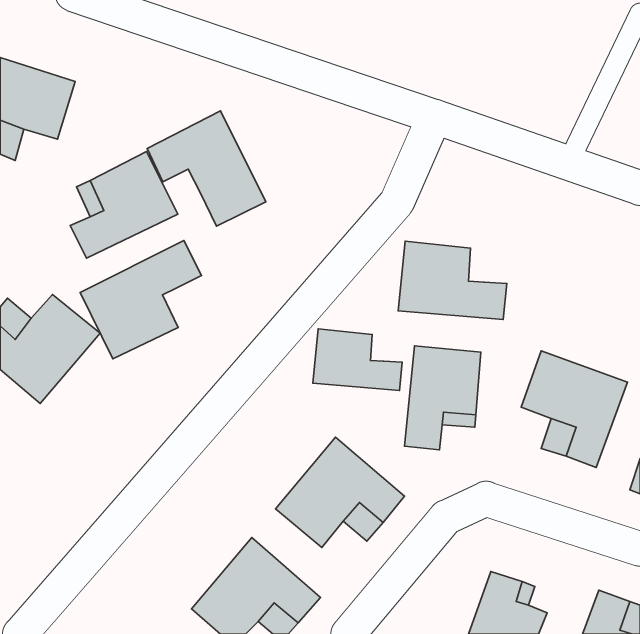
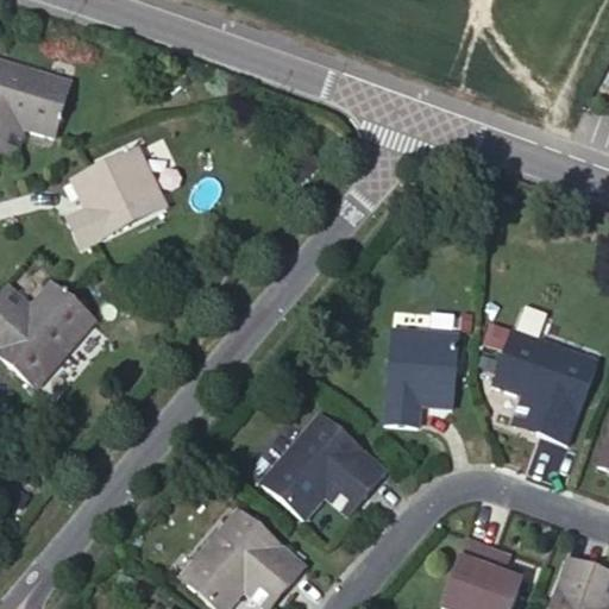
building: [147,111,266,226] -> none
building: [80,241,201,359] -> none
building: [398,241,507,320] -> none
building: [313,329,402,391] -> none

